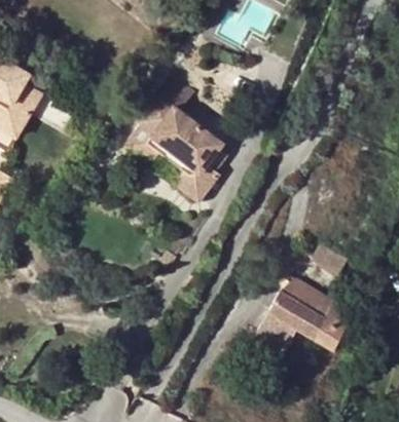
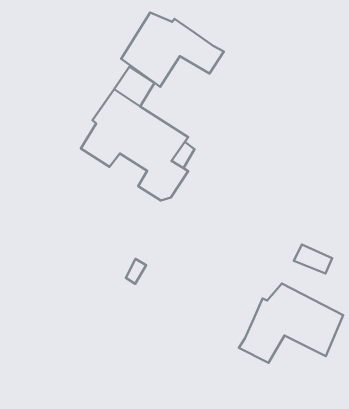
building: none -> [121,13,224,87]

